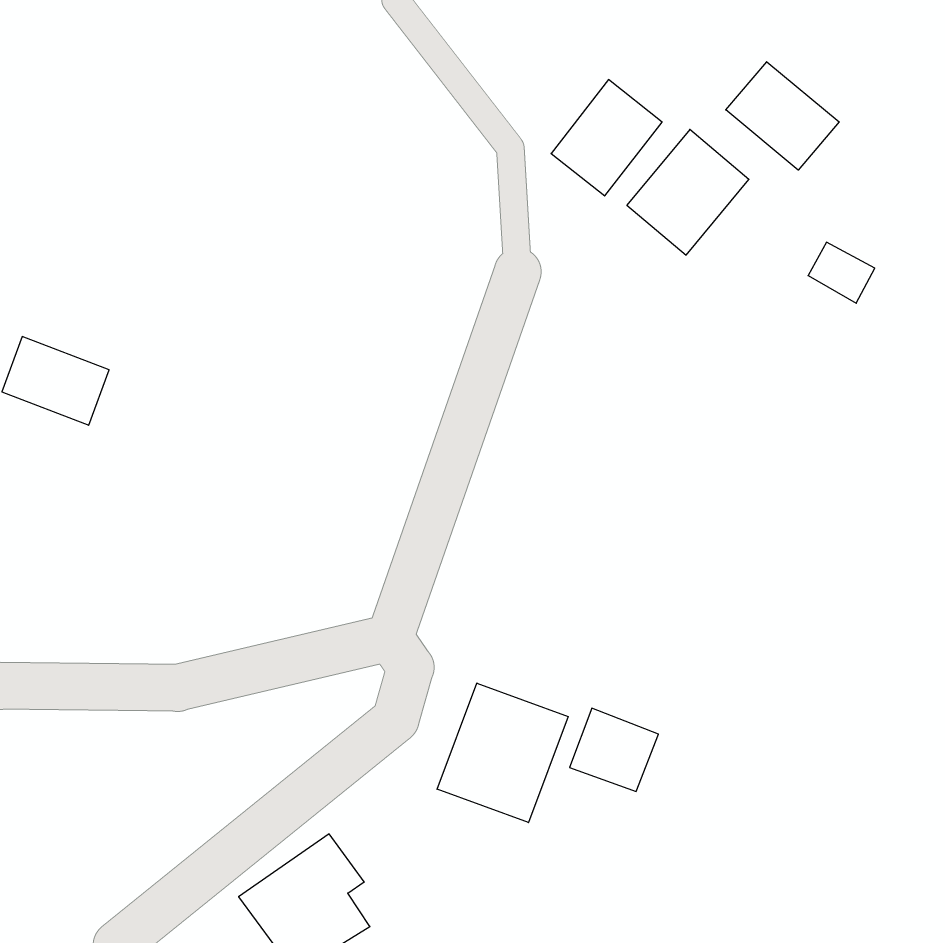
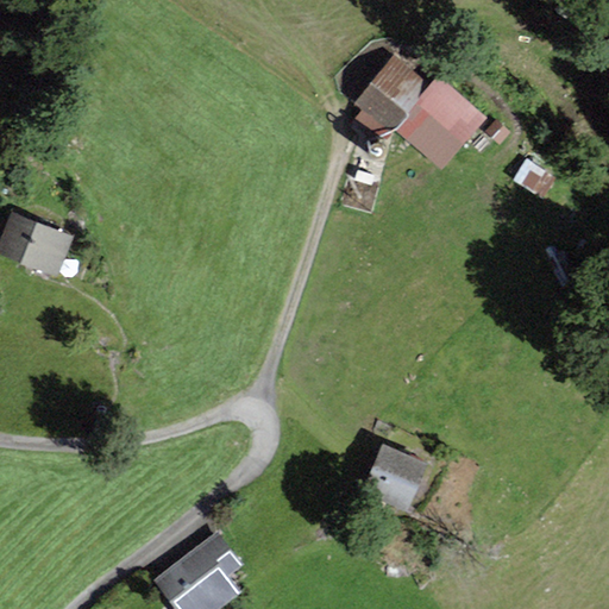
building: [726,62,839,170] -> none
building: [437,683,568,823] -> none

